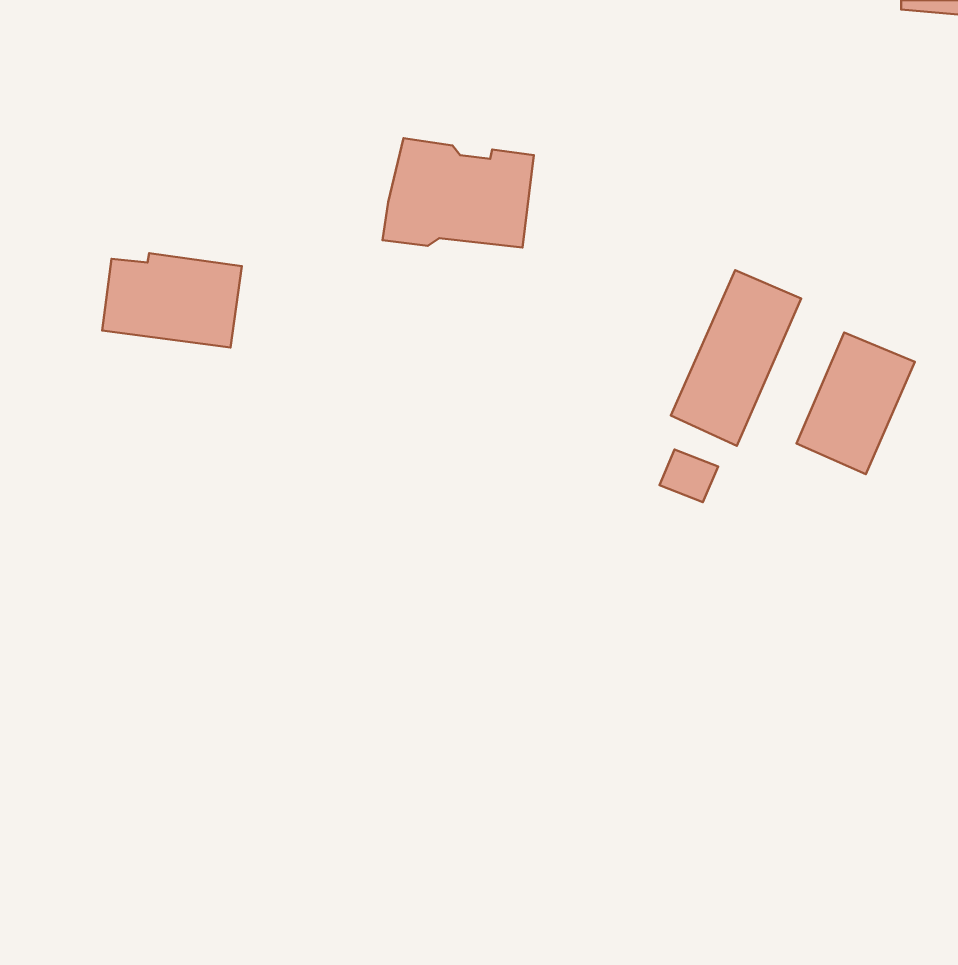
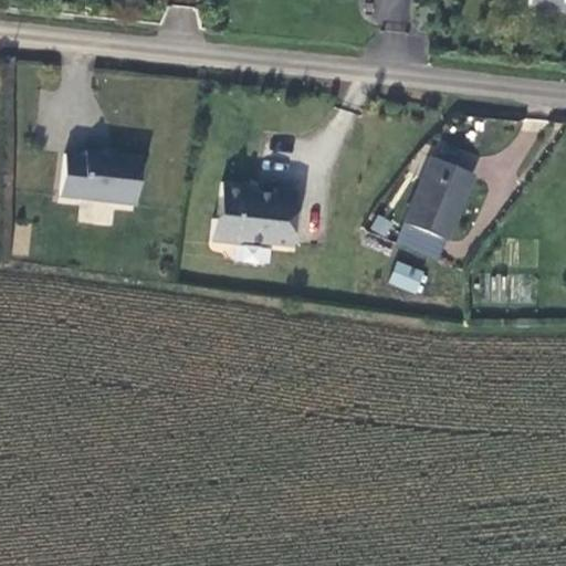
building: [383,138,534,248] -> [213,182,302,247]
building: [797,332,915,474] -> none

